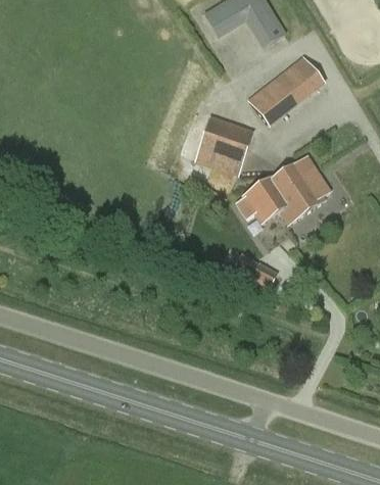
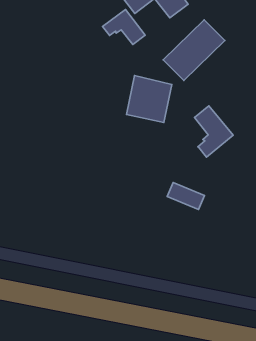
building: none -> [103,9,145,44]
building: [235,174,292,222] -> none

